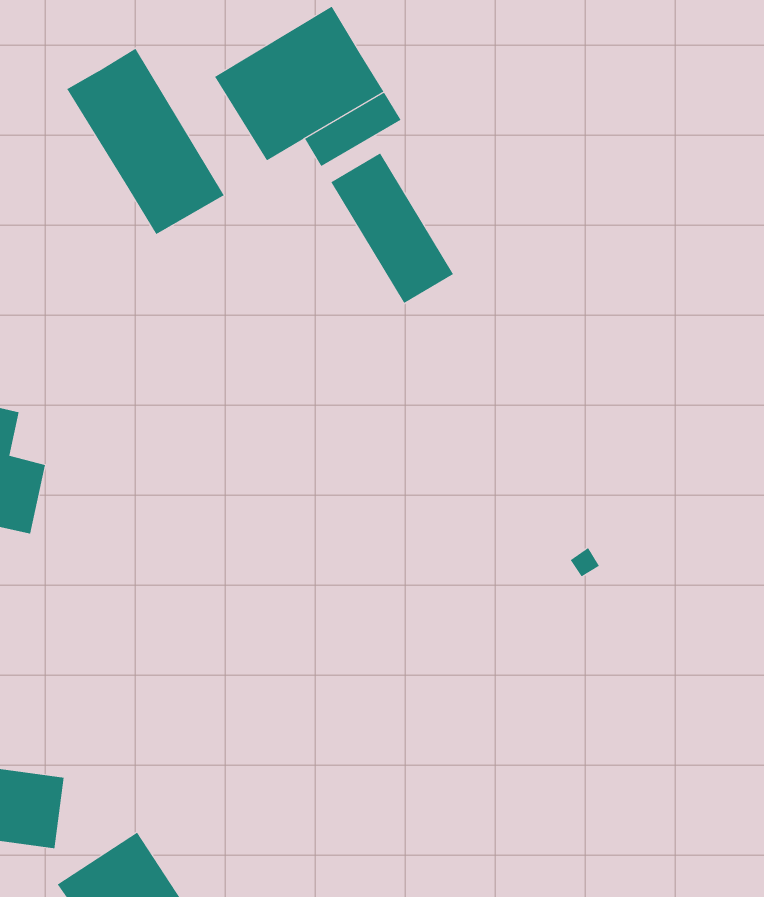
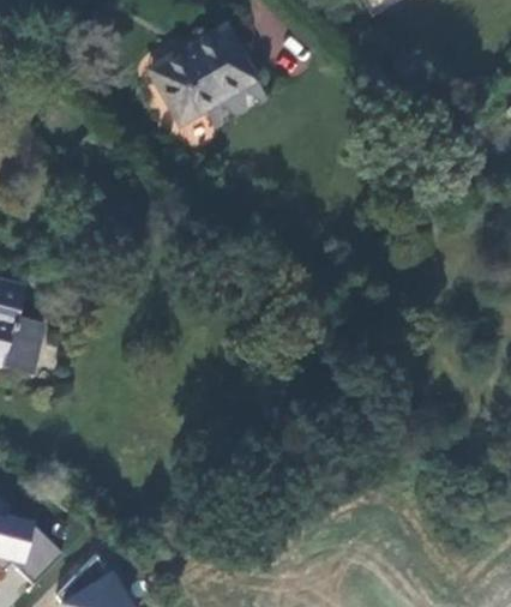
building: [67,48,224,235] -> none
building: [331,152,454,304] -> none

